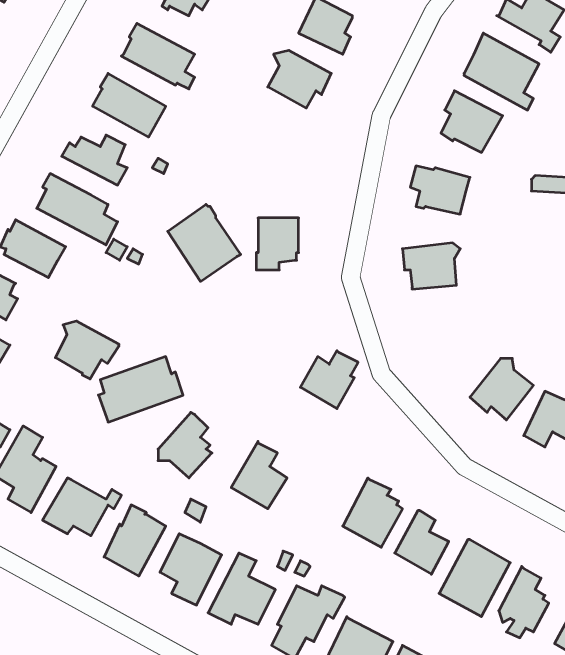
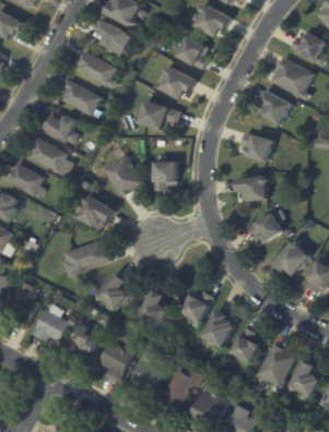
building: none -> [137,99,179,130]
building: none -> [247,208,291,243]
building: [55,321,119,379] -> [79,197,115,230]
building: [300,351,358,409] -> [180,290,213,323]

